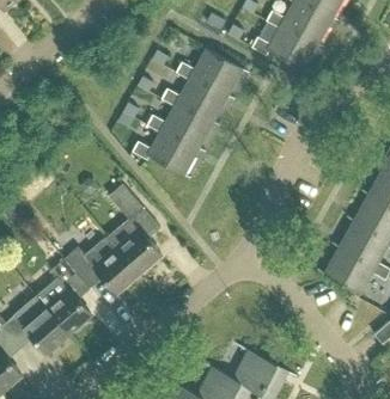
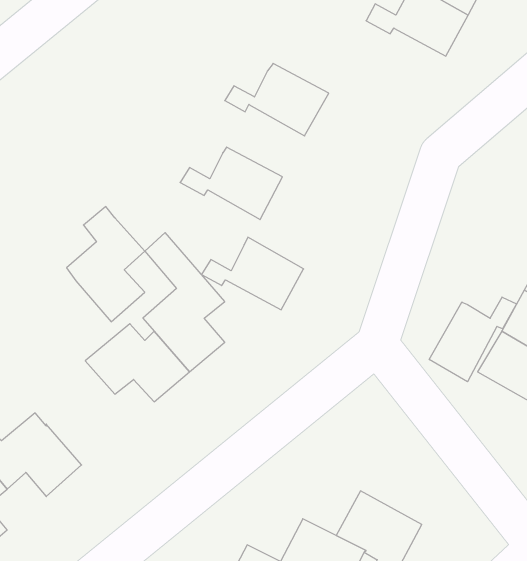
building: [176,48,242,94] -> none
building: [146,102,212,148] -> [201,237,304,310]
building: none -> [429,297,517,382]
building: [39,259,90,333] -> [67,207,145,322]

